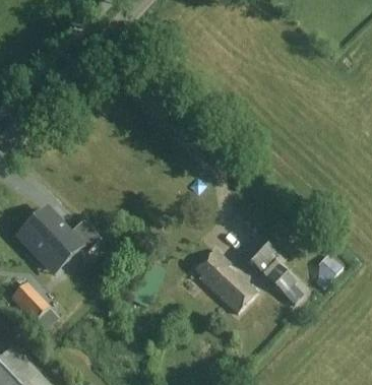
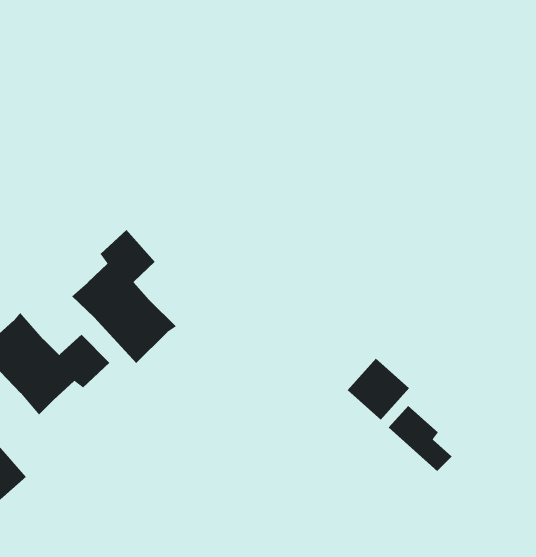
building: none -> [71,229,177,364]
building: [195,247,257,312] -> none

